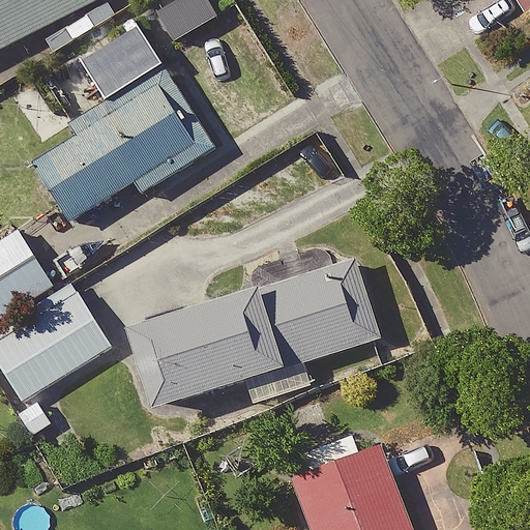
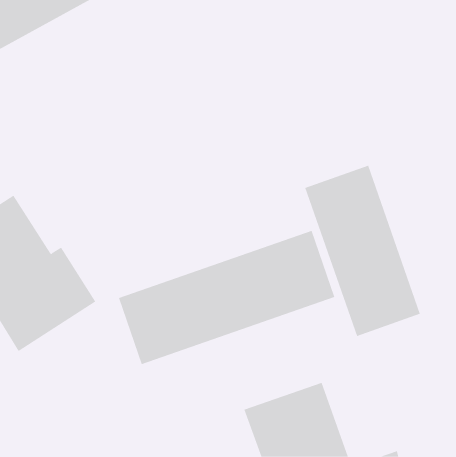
building: [31,20,216,222] -> none
building: none -> [305,165,421,337]

